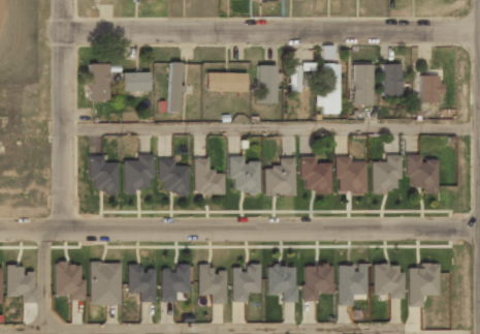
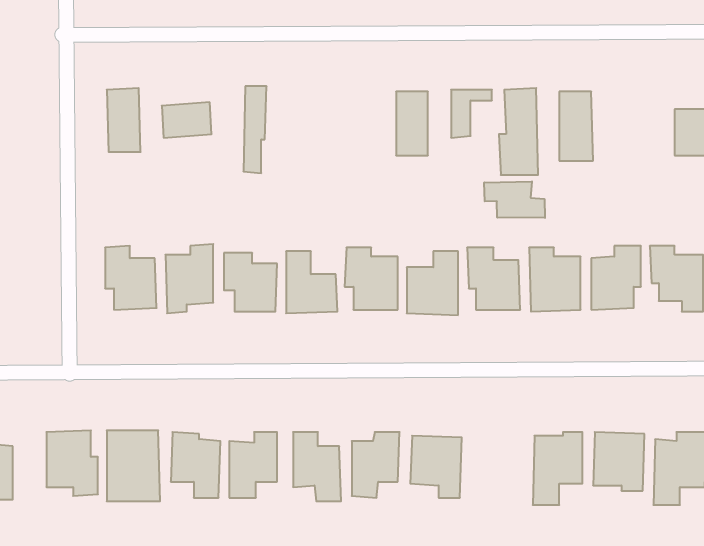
building: [384,64,403,95] -> none
building: [207,72,248,92] -> none
building: none -> [484,181,545,218]
building: [305,265,333,301] -> none

